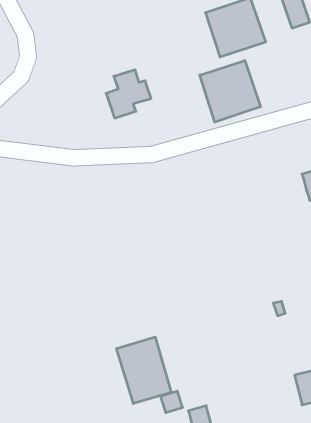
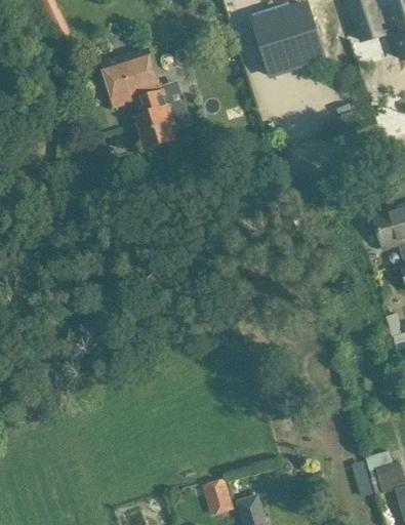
building: none -> [100,48,161,108]
building: [200,60,260,122] -> none
building: [117,337,171,404] -> none

